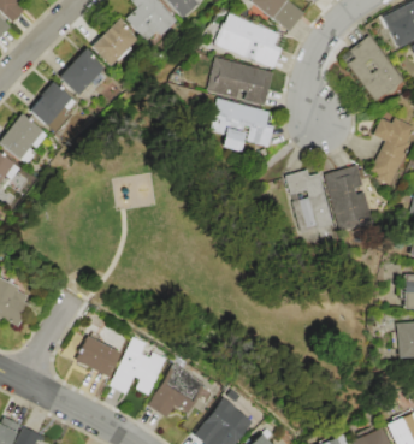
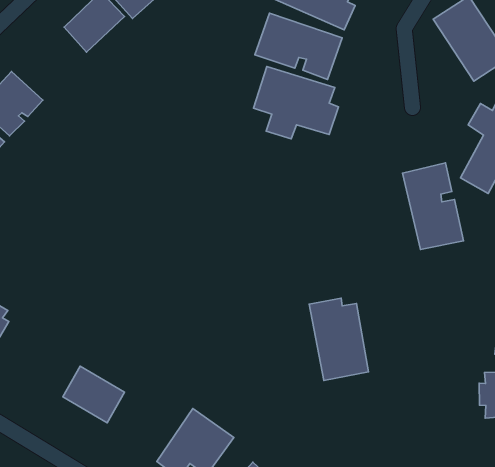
building: [30,82,73,124] -> none
building: [283,170,331,233] -> [309,298,369,380]
building: [110,337,167,395] -> none

